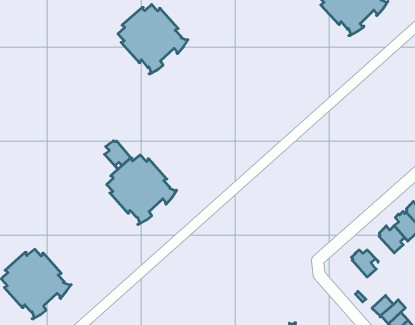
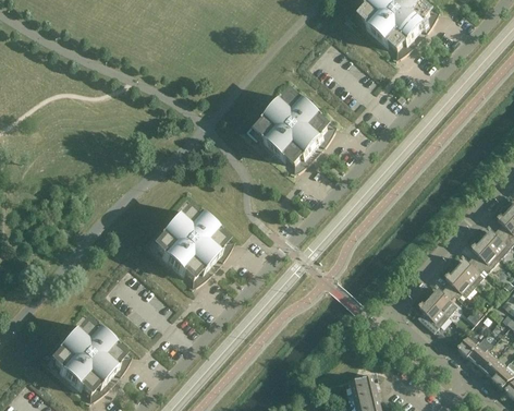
building: [118,4,188,74] -> [257,95,333,170]
building: [104,141,131,169] -> none
building: none -> [443,268,473,295]
building: none -> [416,298,446,330]

